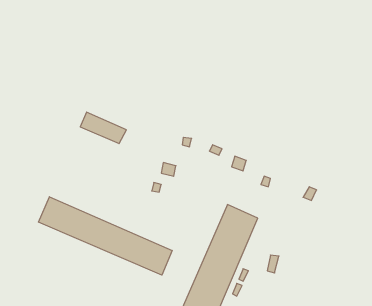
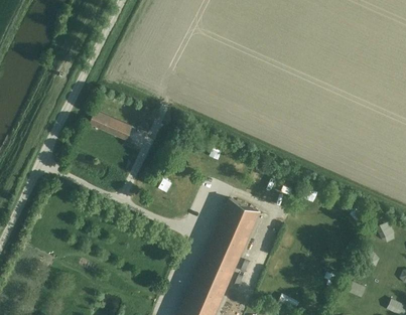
building: [39,197,172,275] -> none

